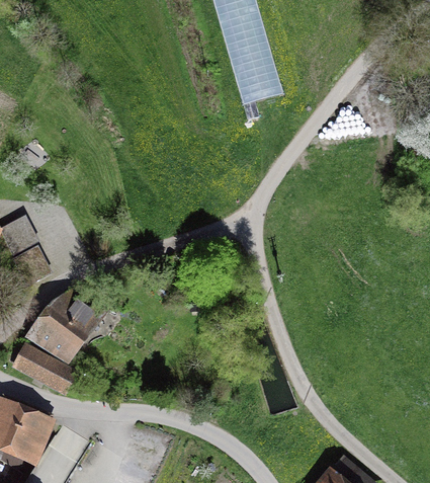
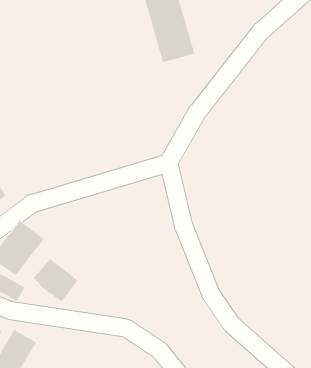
building: none -> [29,258,78,302]

